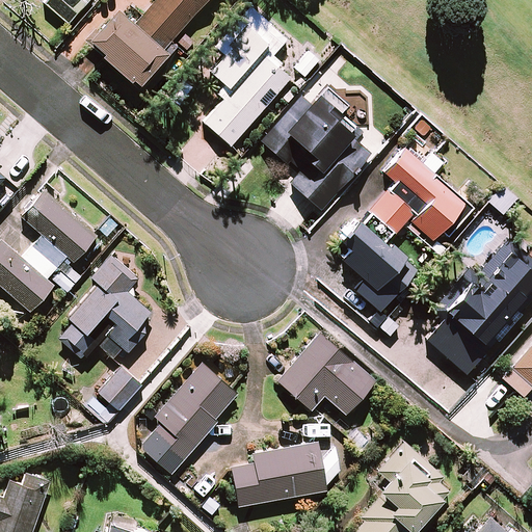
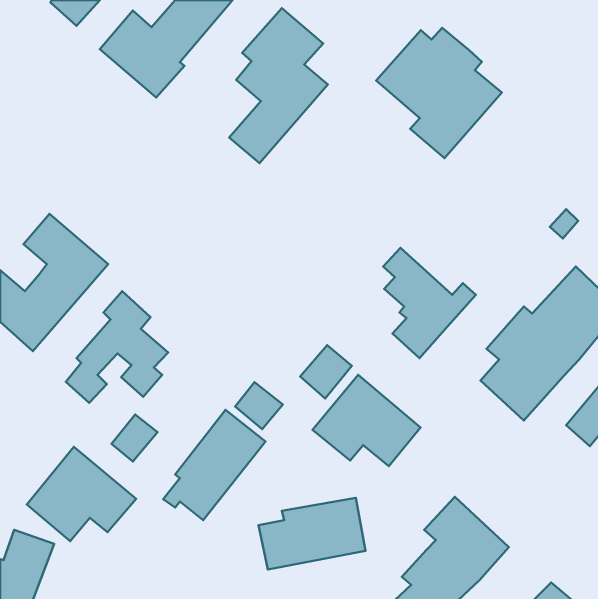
building: [262,95,373,210] -> [376,28,502,158]
building: [372,149,472,247] -> none
building: none -> [300,345,352,398]
building: none -> [235,382,283,429]
building: none -> [27,447,136,541]

